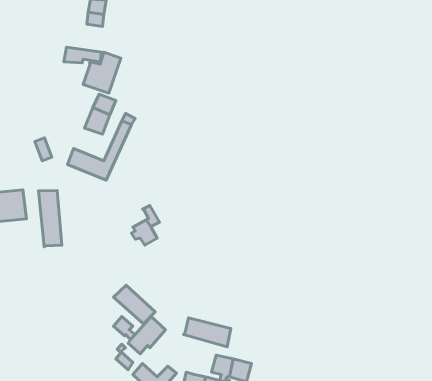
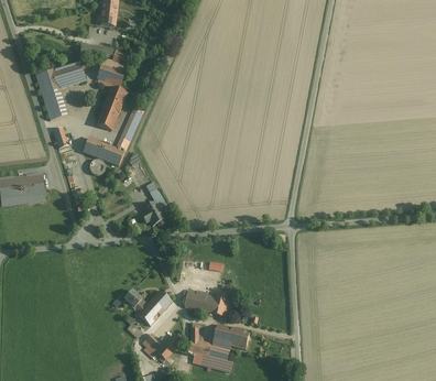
building: none -> [35,62,86,119]
building: [39,191,62,247] -> none
building: [114,285,155,324] -> none

